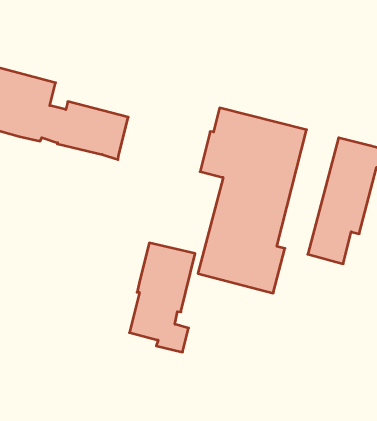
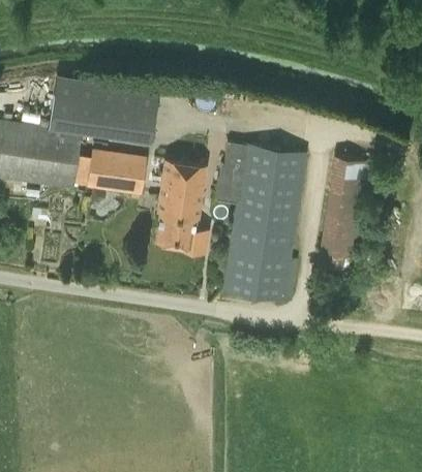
building: none -> [50,75,160,144]
building: [129,243,195,352] -> [155,160,207,253]

